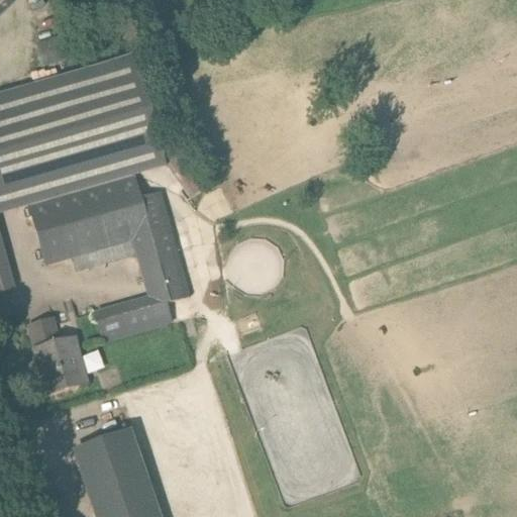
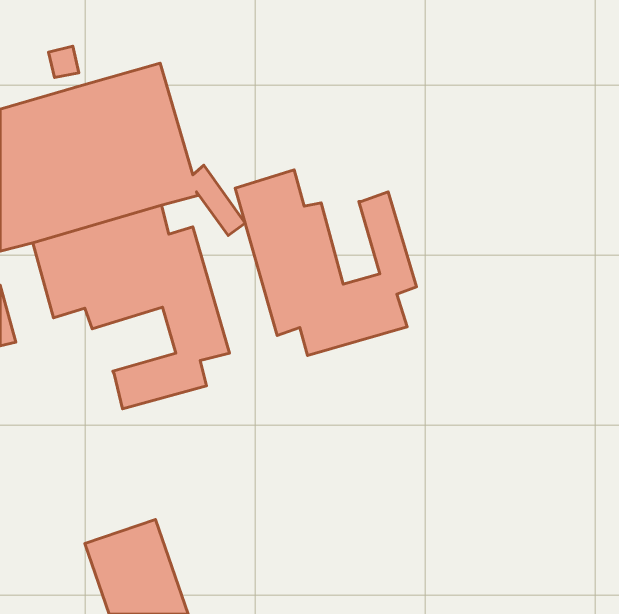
building: none -> [235,170,416,356]
building: [28,316,88,393] -> none

